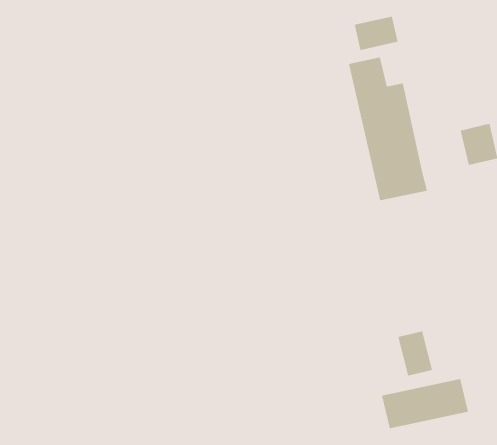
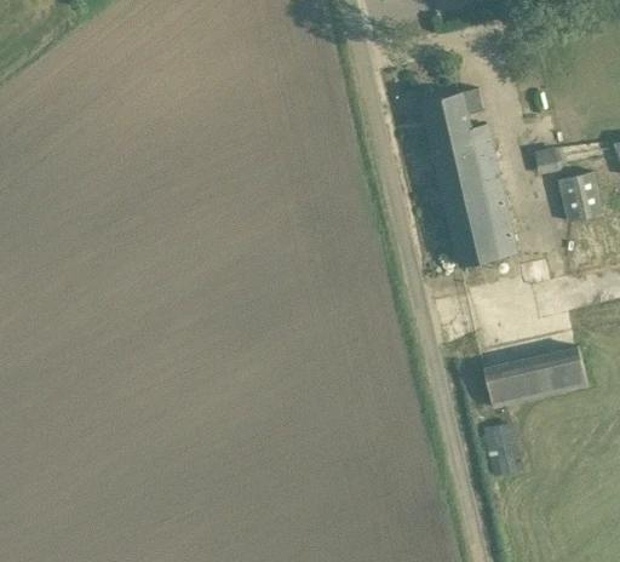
building: [354,16,398,51] -> none
building: [381,379,469,429] -> [480,343,585,403]

